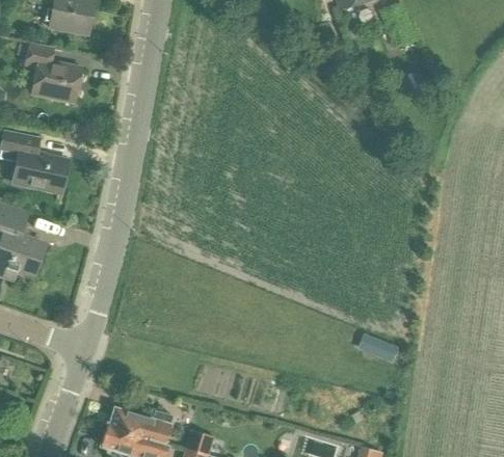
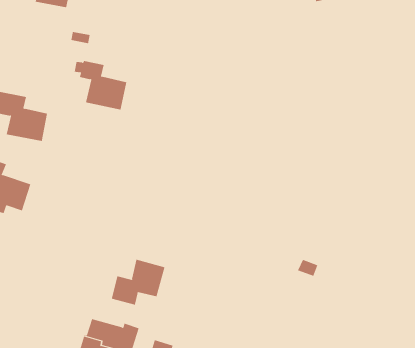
building: [18,43,81,102] -> [74,60,127,110]
building: none -> [111,259,165,306]

